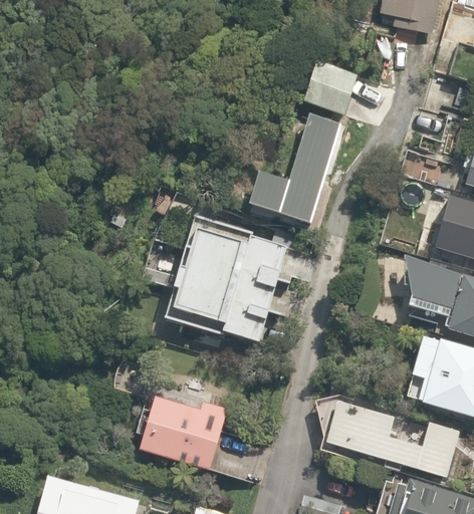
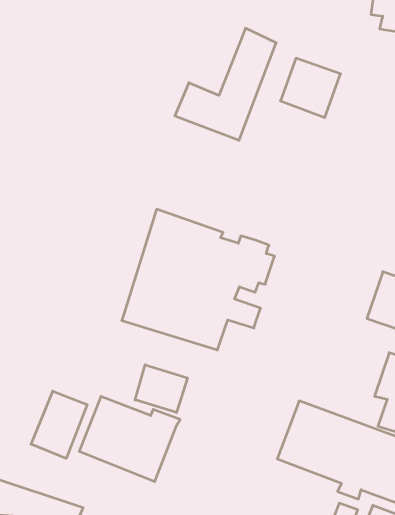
building: [247,117,338,224] -> [175,28,276,140]
building: none -> [135,365,187,413]
building: none -> [31,391,87,458]

